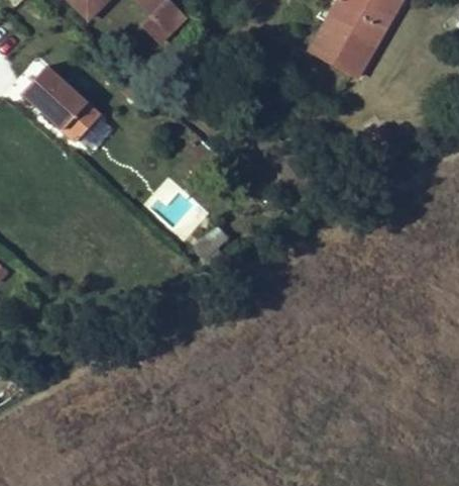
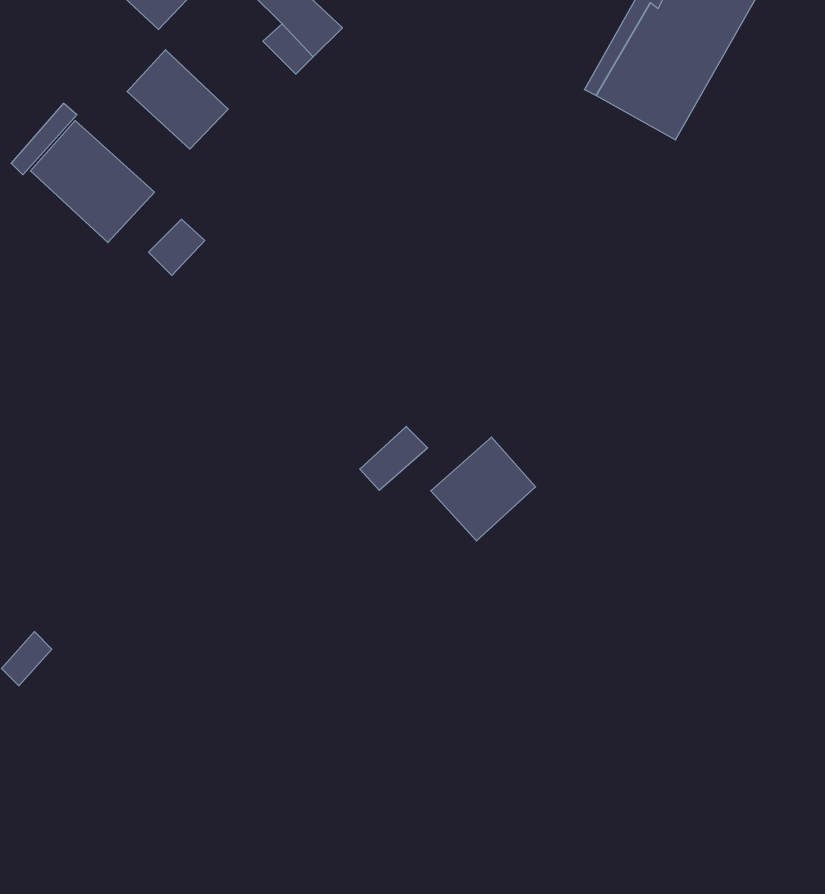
building: none -> [127,50,228,149]
building: none -> [431,437,536,541]

